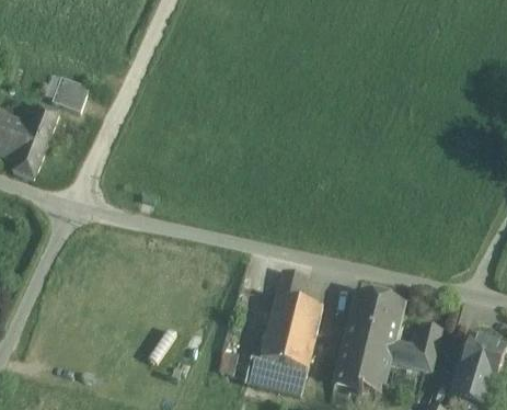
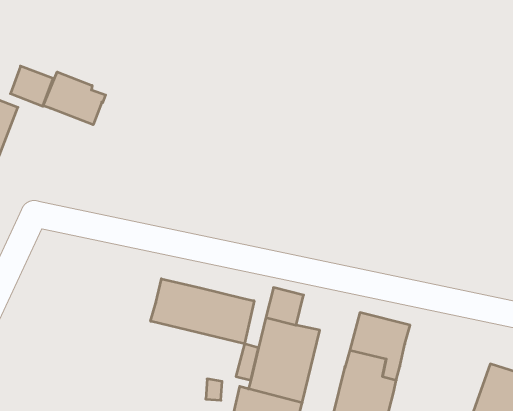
building: none -> [43,72,106,125]
building: none -> [151,279,254,344]
building: [388,323,440,371] -> none

